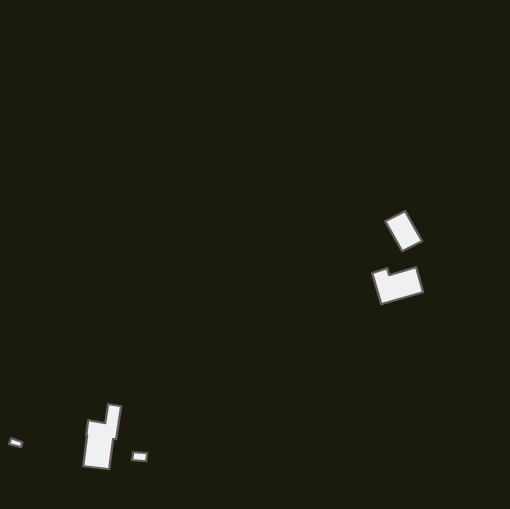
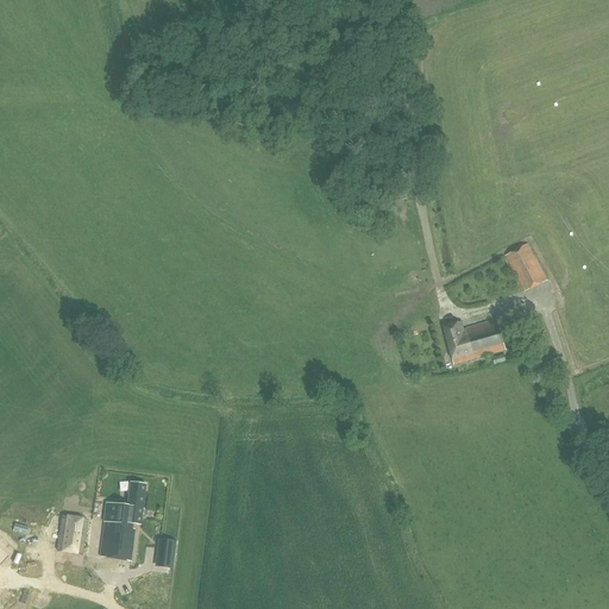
building: [385,211,422,251] -> [503,241,547,289]
building: none -> [55,513,87,552]

